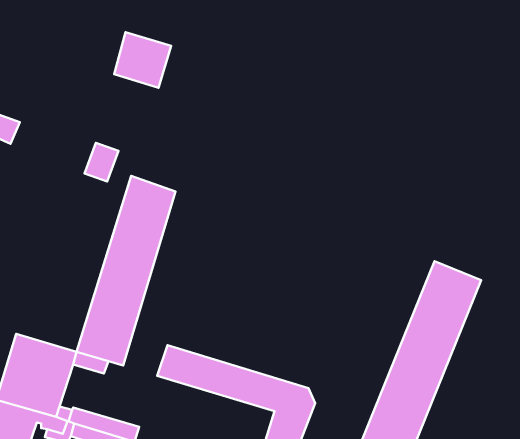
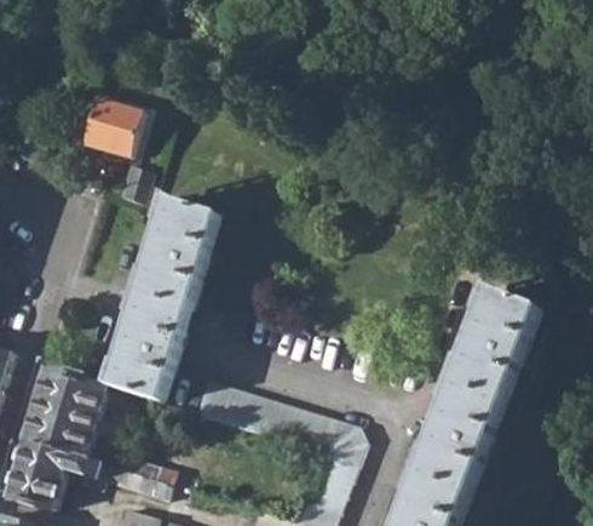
building: [114,32,171,88] -> [84,101,144,160]

